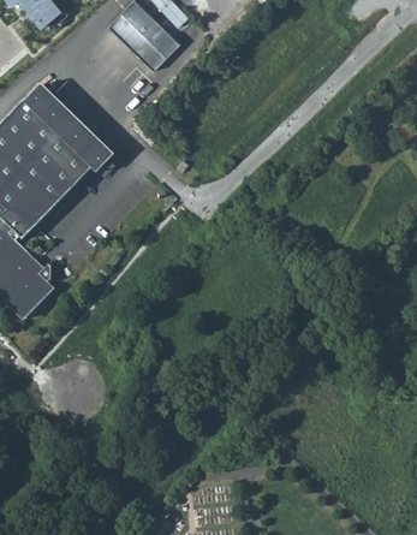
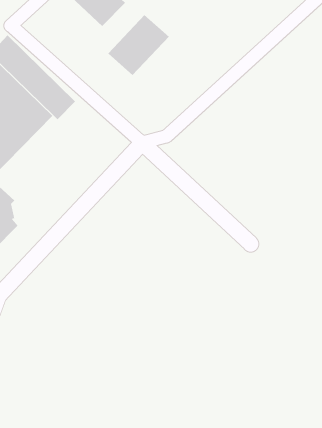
building: none -> [107,14,170,76]

